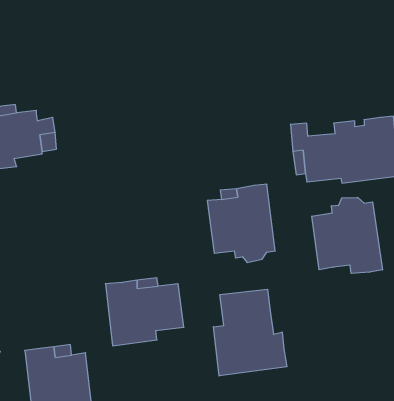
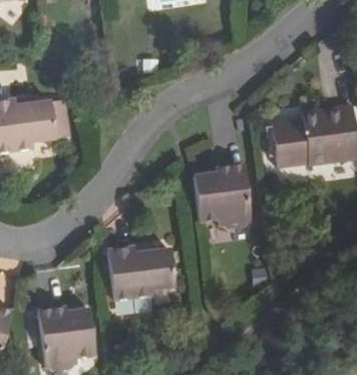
building: [312,197,382,273] -> none
building: [213,289,287,376] -> none

